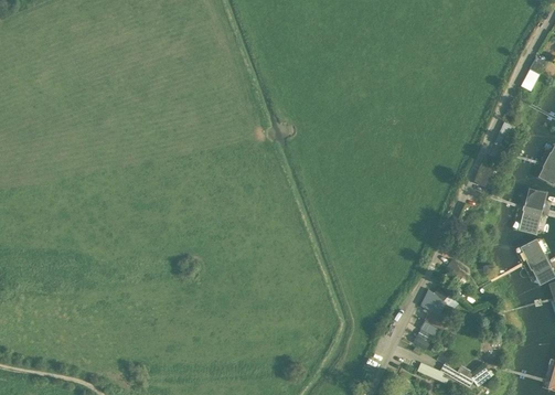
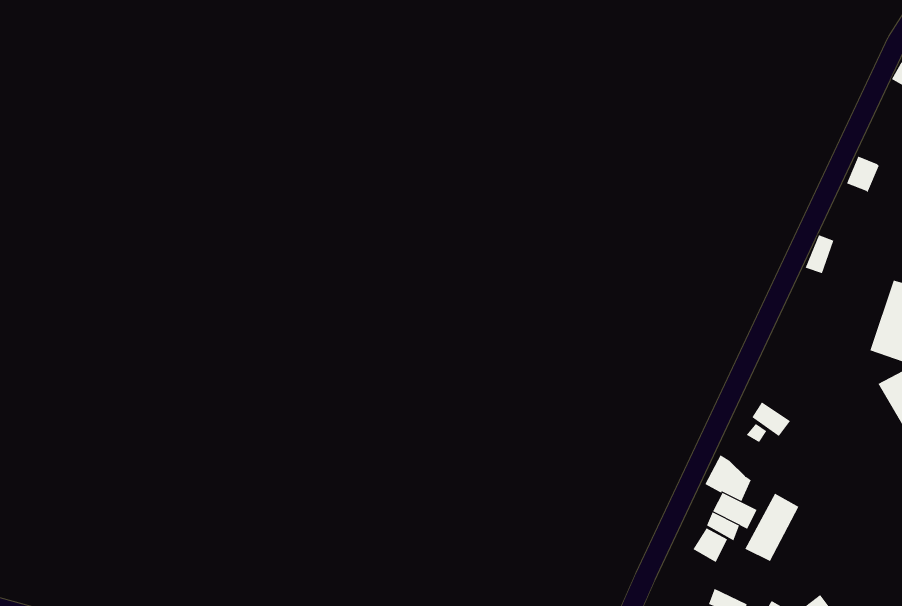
building: none -> [745,493,799,562]

